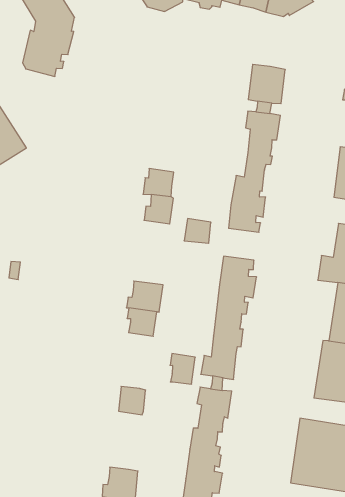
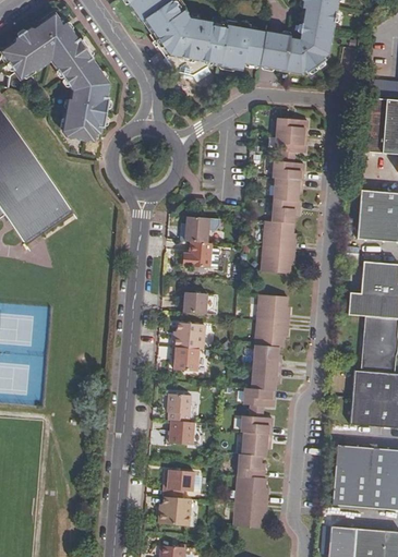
building: [184,219,211,243] -> [182,293,206,315]
building: [170,354,195,384] -> [167,396,190,423]
building: none -> [162,470,193,498]

